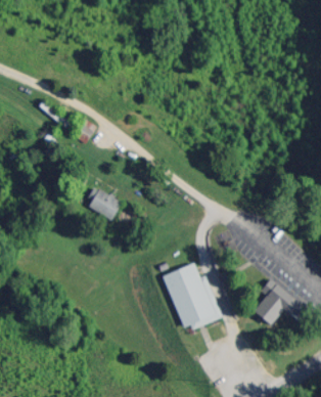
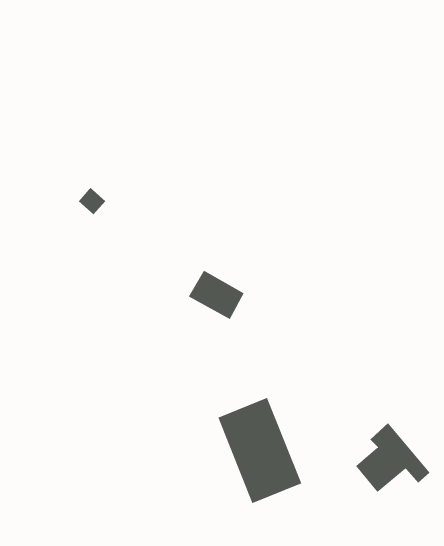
building: [85,189,122,222] -> [188,270,244,320]

